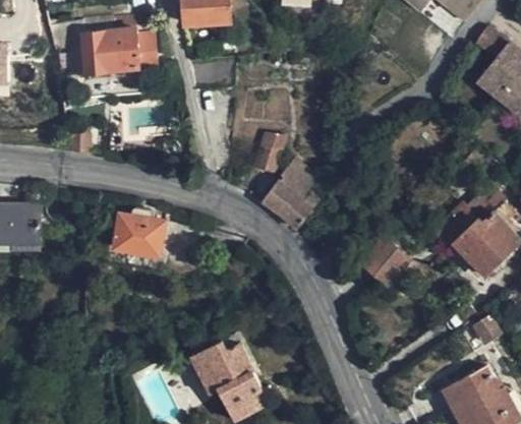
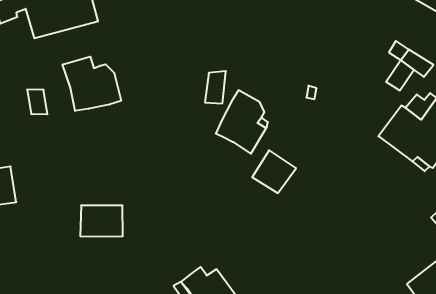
building: none -> [63,57,121,111]
building: [115,216,165,255] -> [80,205,123,236]
building: [360,240,408,287] -> [252,150,296,193]

